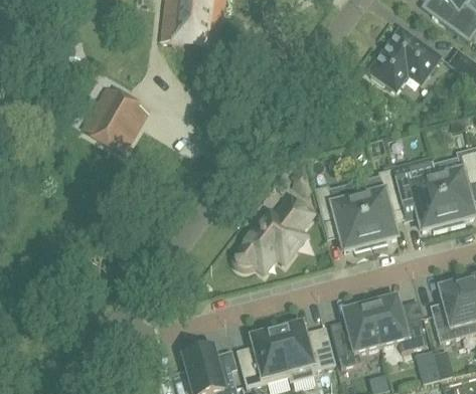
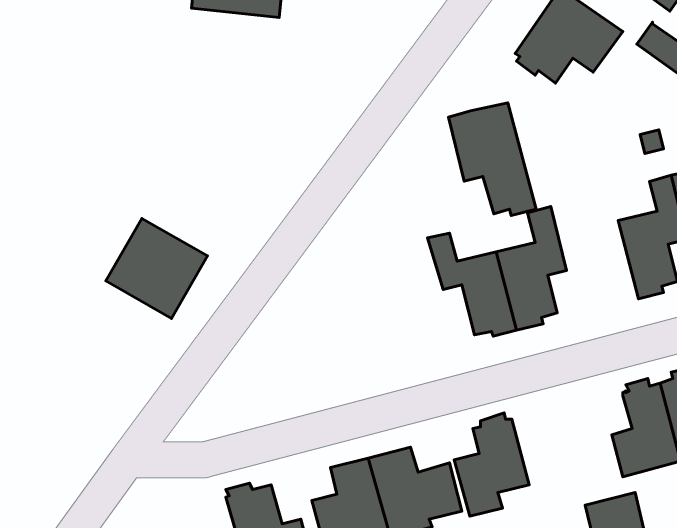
building: [83,84,148,149] -> [106,218,207,318]
building: [392,157,449,229] -> [449,103,536,215]
building: [234,193,312,265] -> none
building: [367,291,426,349] -> none

